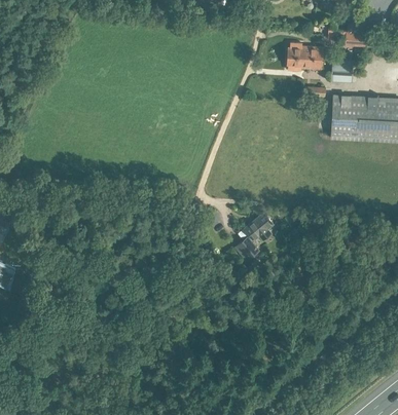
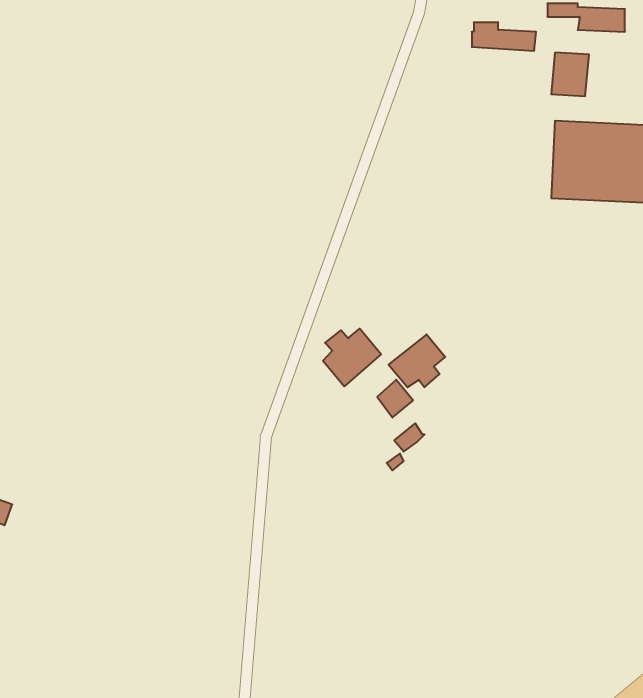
building: [286,55,322,71] -> none
building: none -> [323,329,381,386]

